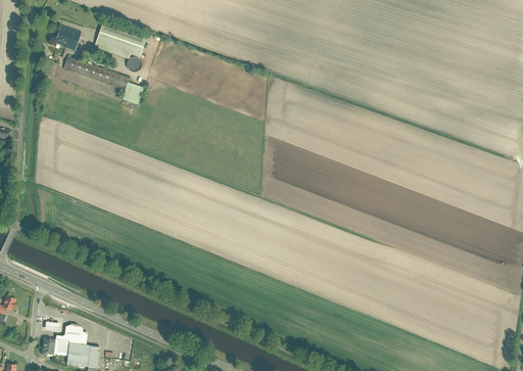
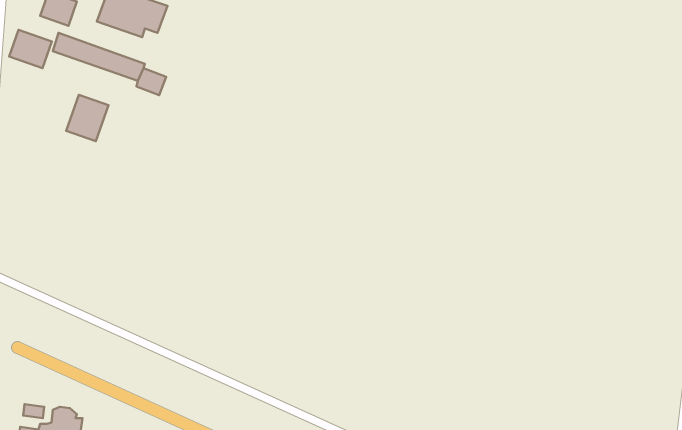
building: none -> [9,30,52,68]
building: none -> [66,95,108,141]

